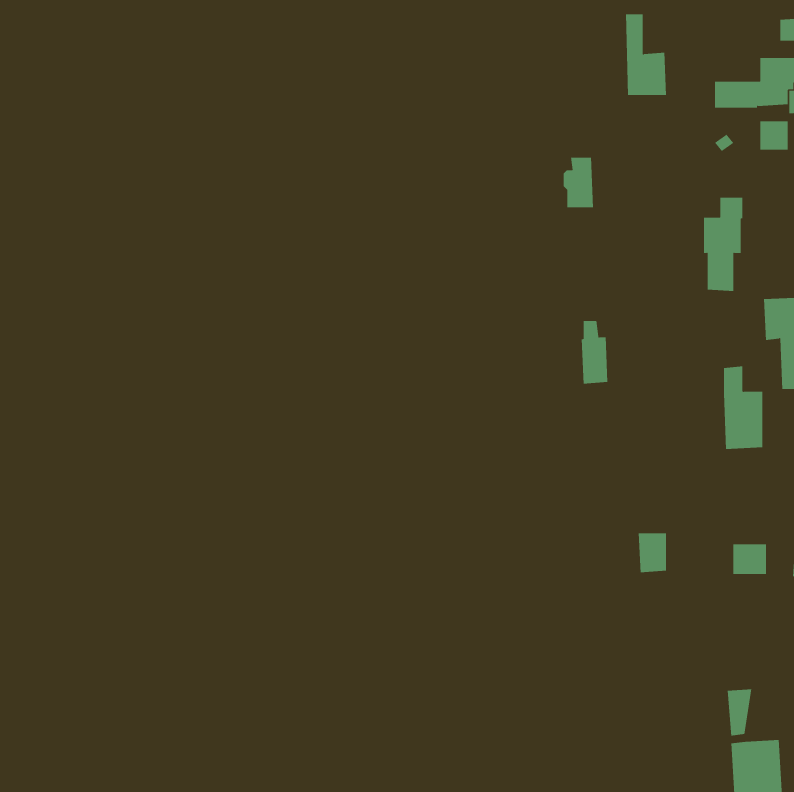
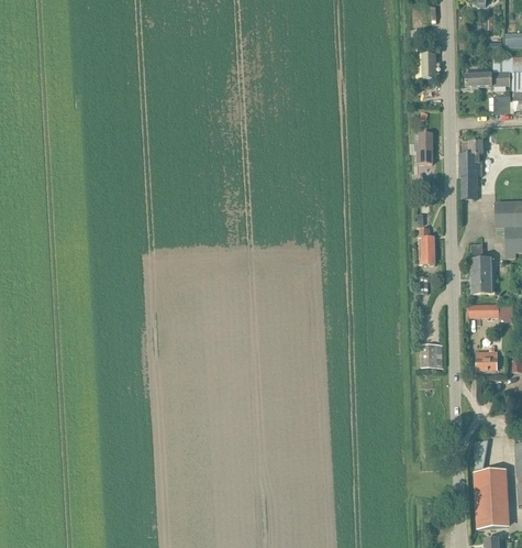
building: [563,157,594,208] -> [415,133,434,164]
building: [581,321,608,384] -> [420,227,436,265]
building: none -> [466,305,499,321]

